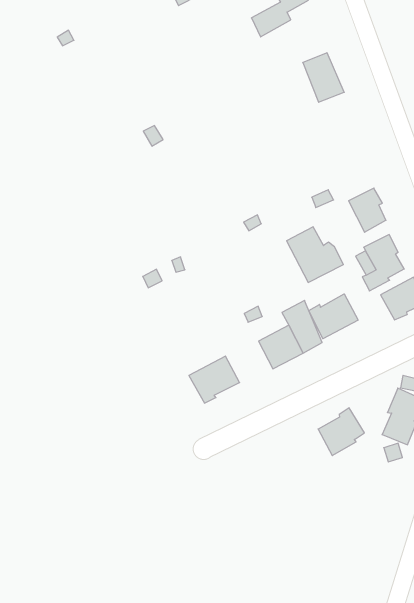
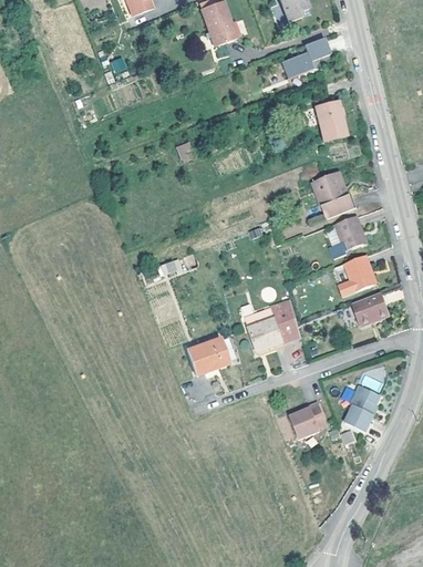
building: [287,227,343,282] -> [314,172,359,217]
building: [309,294,358,339] -> none

